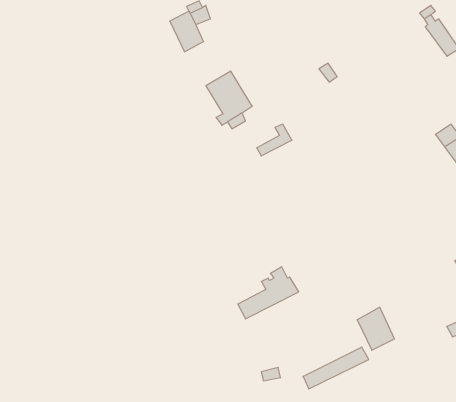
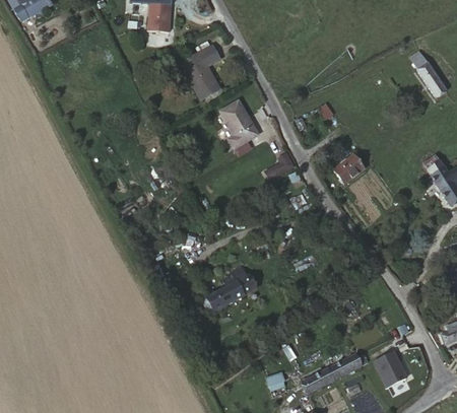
building: none -> [337,158,366,185]
building: [238,267,299,319] -> [203,265,258,312]
building: [357,307,394,350] -> [374,351,407,390]

